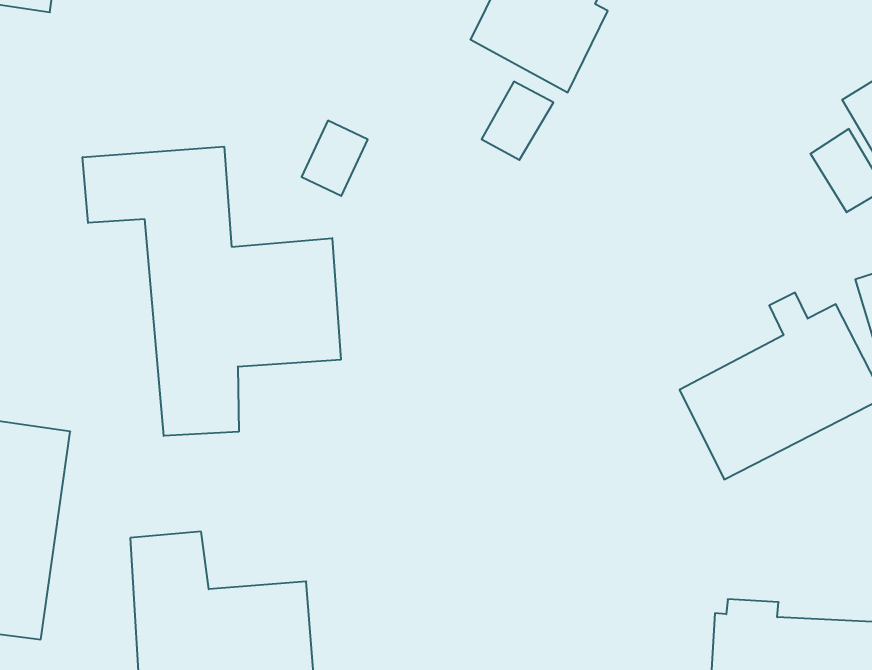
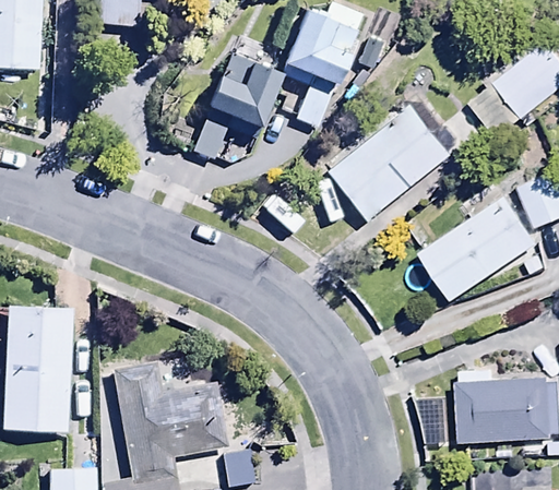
building: none -> [210,57,284,130]
building: none -> [335,104,472,231]
building: [83,147,341,436] -> none

